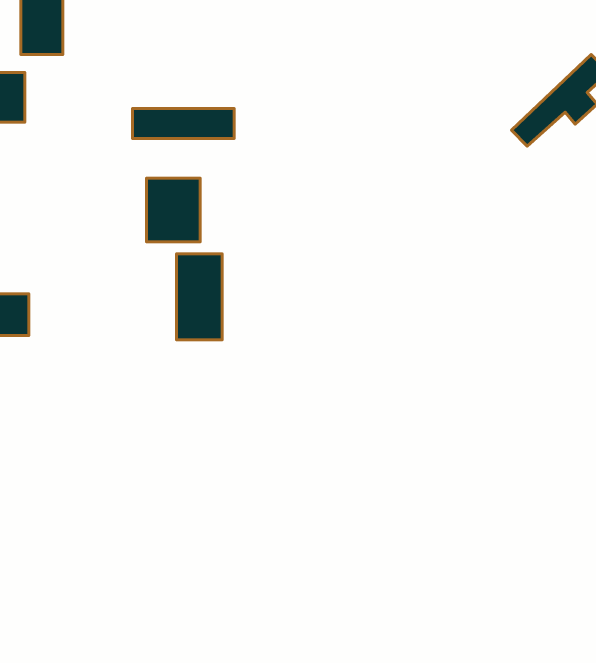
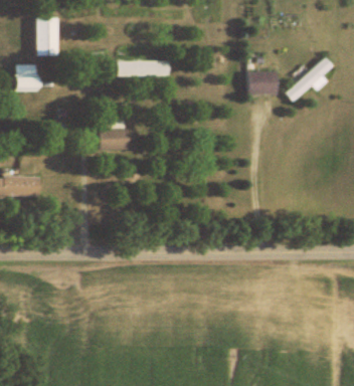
building: none -> [248,71,279,94]
building: [132,109,234,138] -> [119,61,170,76]
building: [176,254,222,340] -> none

